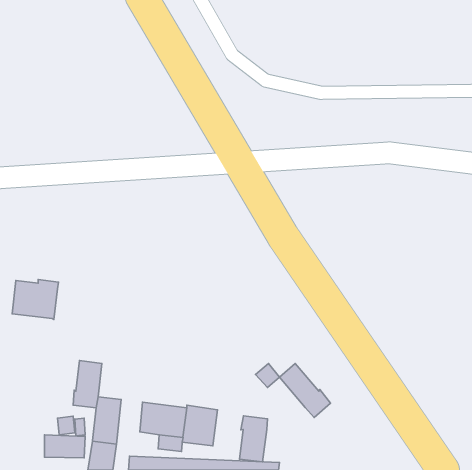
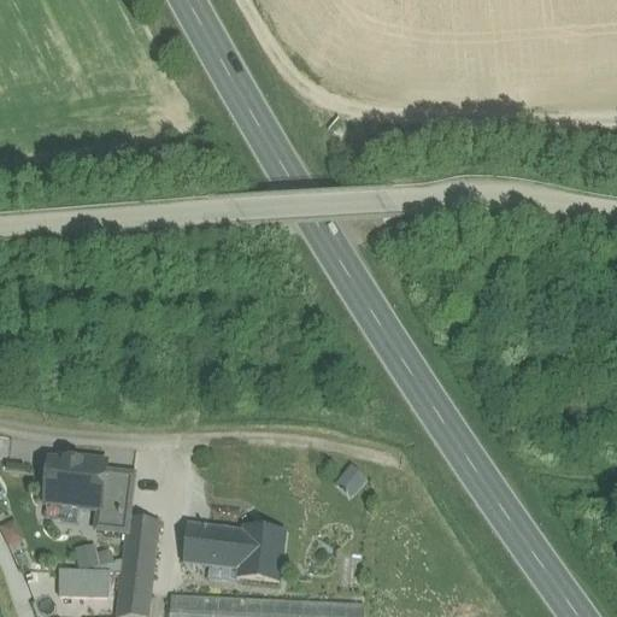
building: [12,279,59,319] -> [45,457,105,509]
building: [279,364,331,417] -> none
building: [239,416,268,462] -> none

